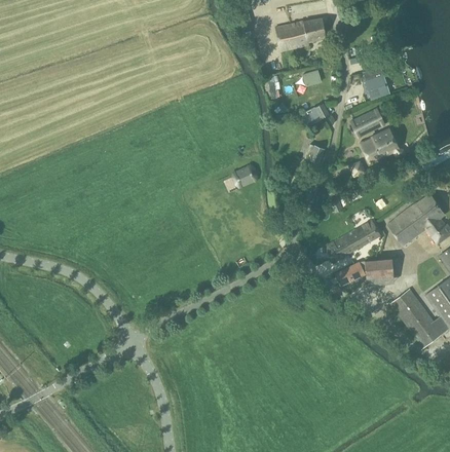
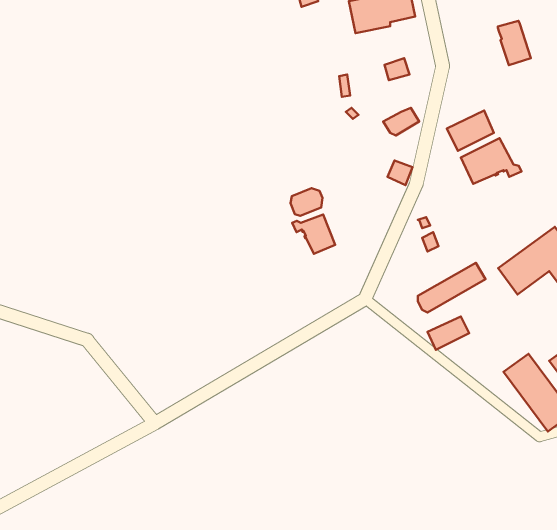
building: [364,66,388,99] -> [498,21,531,65]
building: none -> [292,214,335,254]
building: [365,258,393,285] -> none

